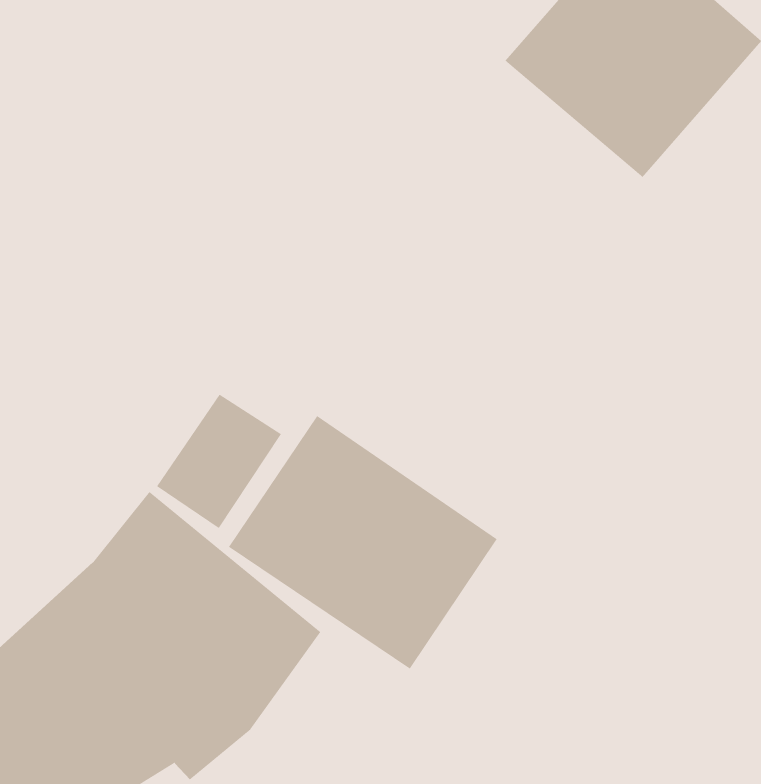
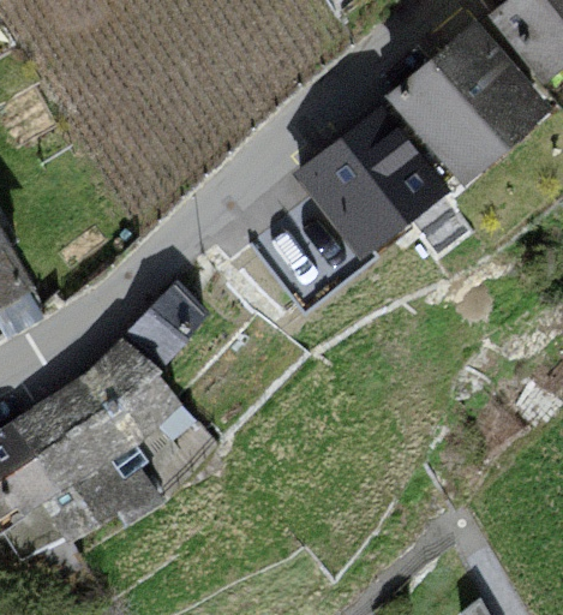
building: none -> [293,103,451,259]
building: [228,415,497,669] -> none

